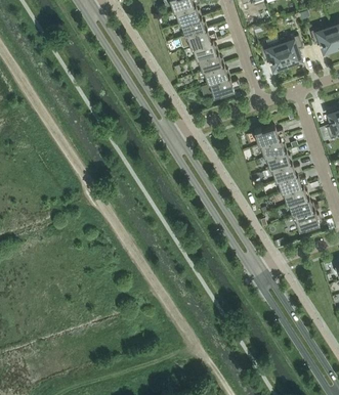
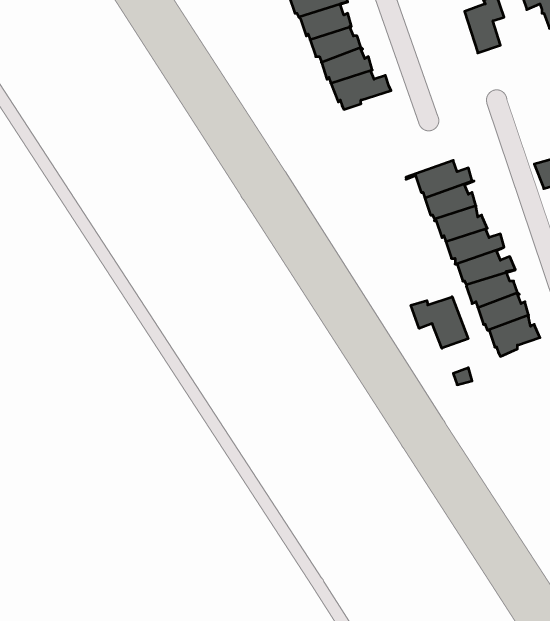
building: [259,43,288,71] -> none
building: none -> [411,297,468,348]

